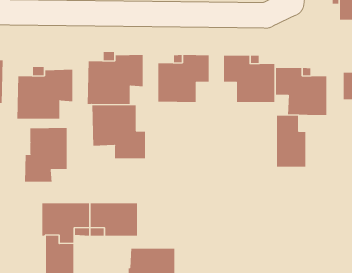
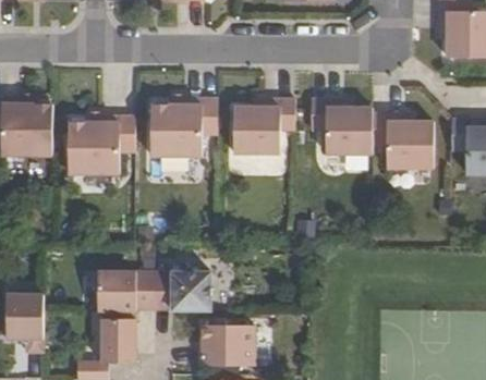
building: [92,104,146,159] -> none
building: [276,115,306,168] -> none
building: [24,127,67,182] -> none

